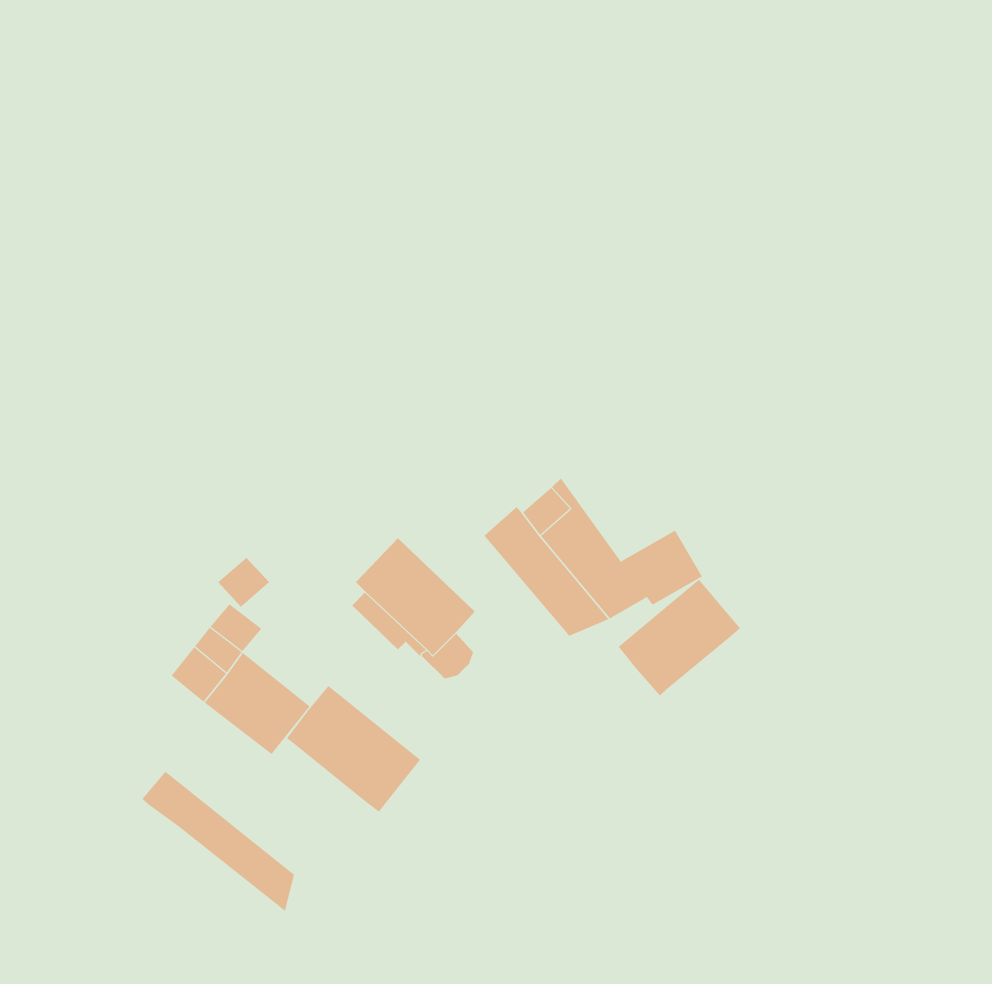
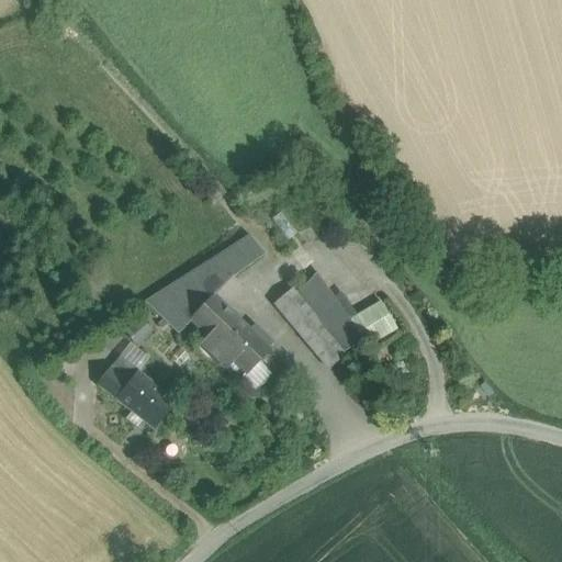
building: none -> [145,234,262,331]
building: [618,579,741,696] -> none
building: [286,685,421,812] -> none
building: [142,771,294,912] -> none

